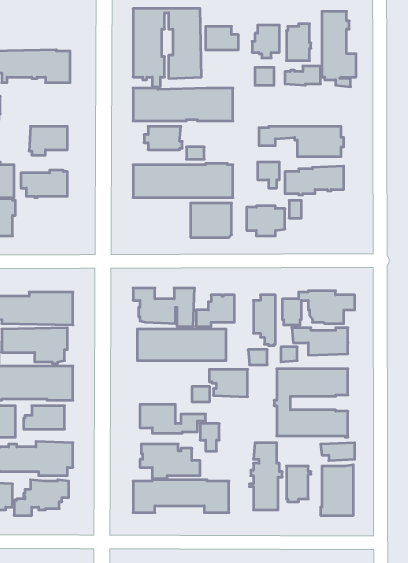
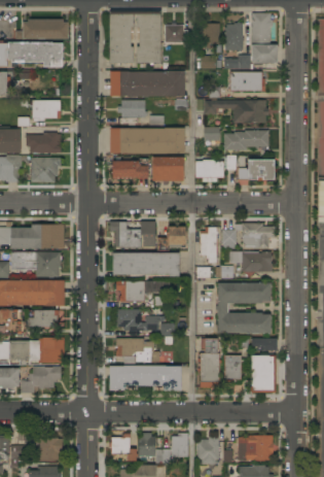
building: none -> [15,20,69,38]
building: none -> [230,72,265,91]
building: none -> [31,158,61,182]
building: none -> [112,159,148,179]
building: none -> [239,160,275,180]
building: [209,369,248,397] -> [116,281,145,302]

